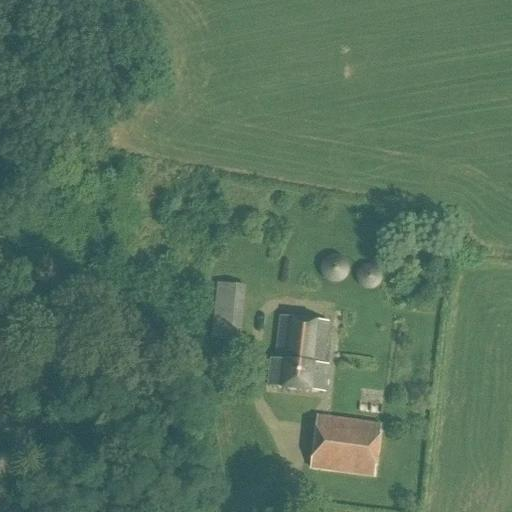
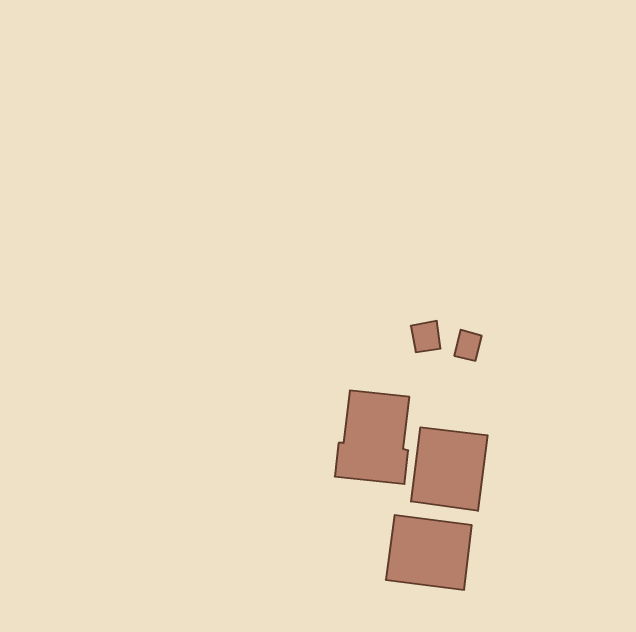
building: [211,281,245,340] -> none
building: none -> [411,427,488,511]

